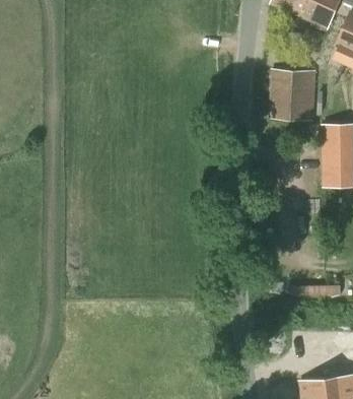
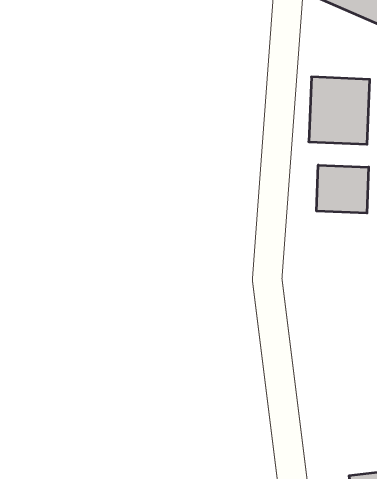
building: none -> [317,165,369,213]

